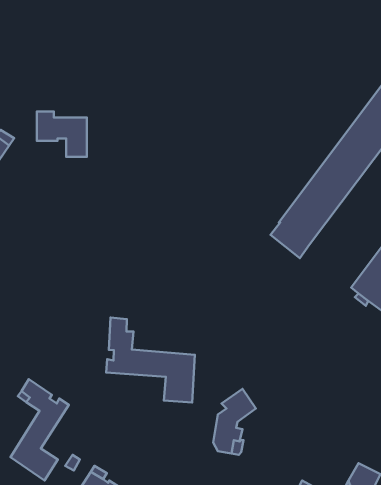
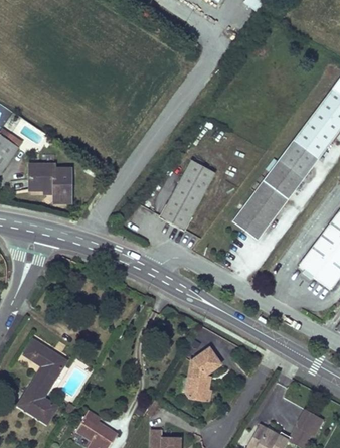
building: [37,111,87,157] -> [29,164,70,201]
building: none -> [160,157,214,230]
building: [106,318,195,402] -> none

